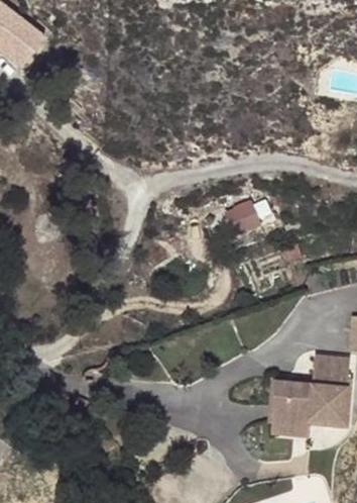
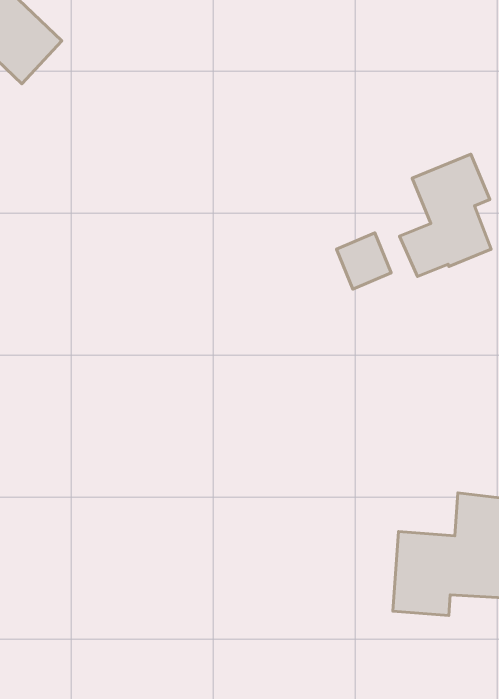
building: none -> [399,154,491,277]

